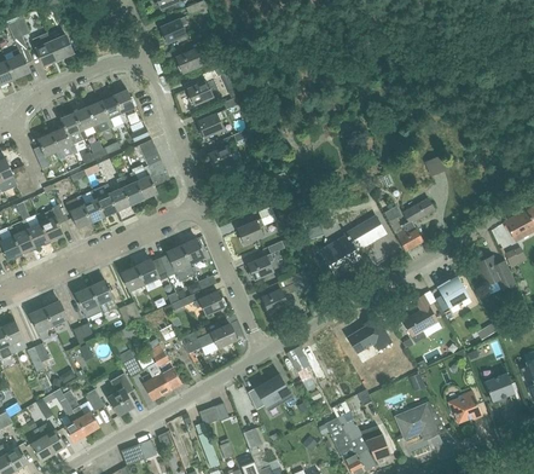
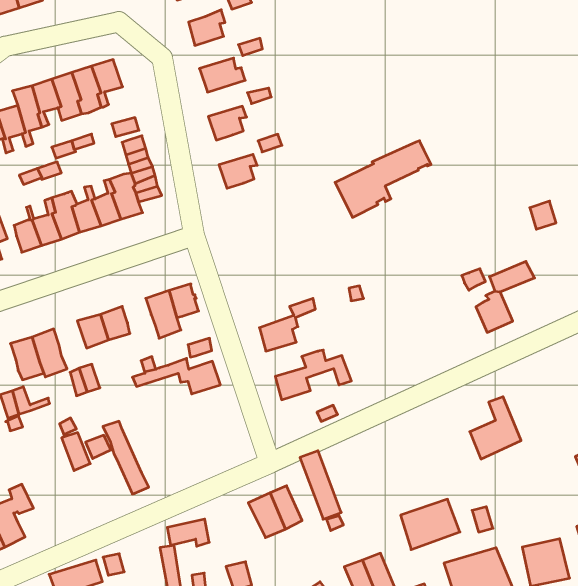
building: [237,207,277,244] -> none
building: [320,216,385,274] -> [335,141,431,217]
building: [435,278,466,310] -> none
building: [181,324,237,354] -> none
building: [349,324,391,362] -> [401,499,460,550]
building: [144,363,172,400] -> none
building: [108,374,134,416] -> none

